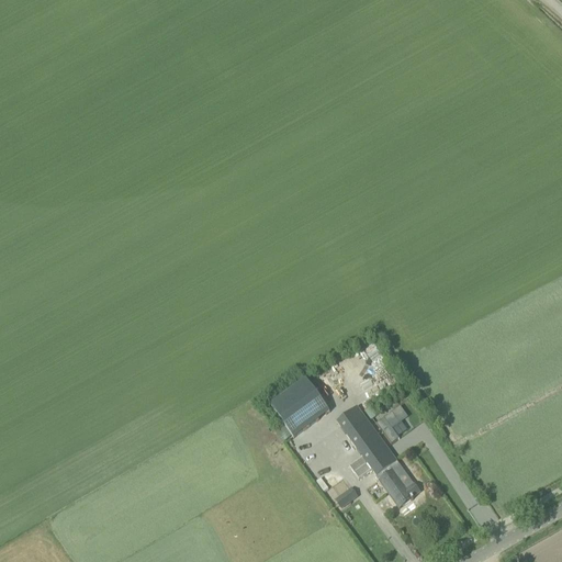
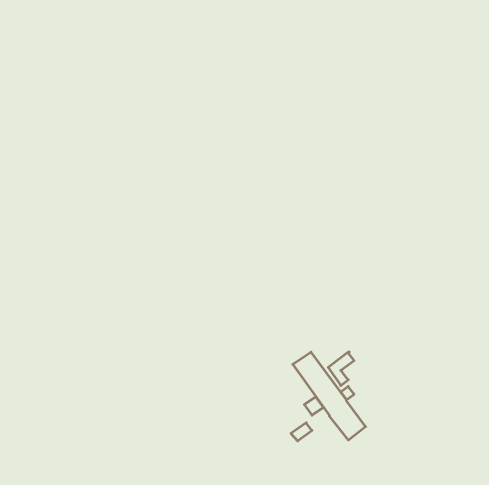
building: [269,376,329,436] -> none

